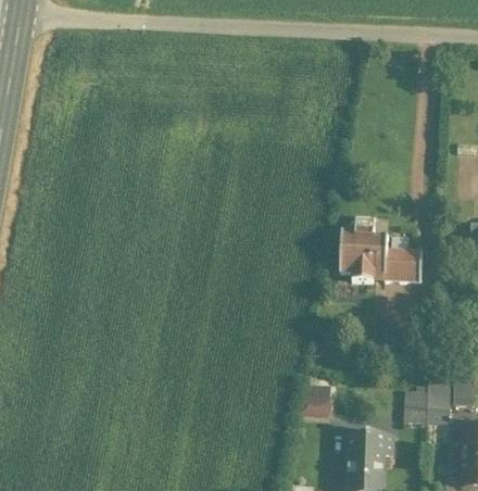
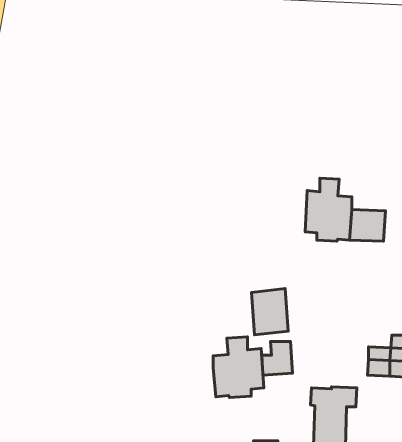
building: none -> [252,289,288,335]
building: none -> [213,337,264,398]

